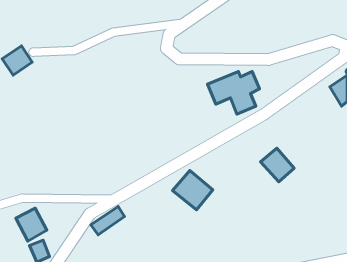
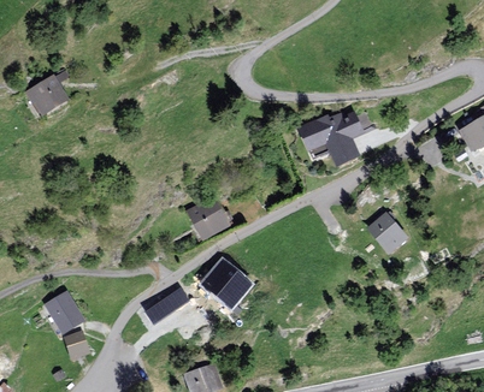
building: none -> [184,197,230,240]
building: [173,171,213,210] -> [199,259,252,310]

